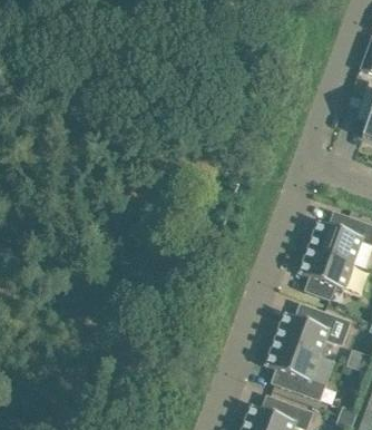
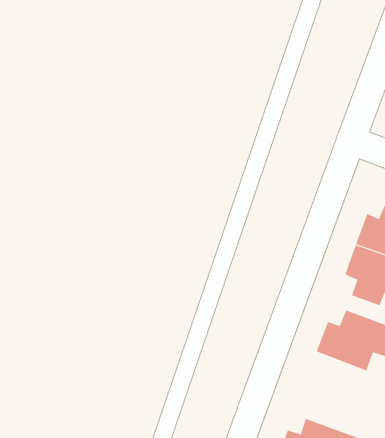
building: [265,339,326,401] -> none

